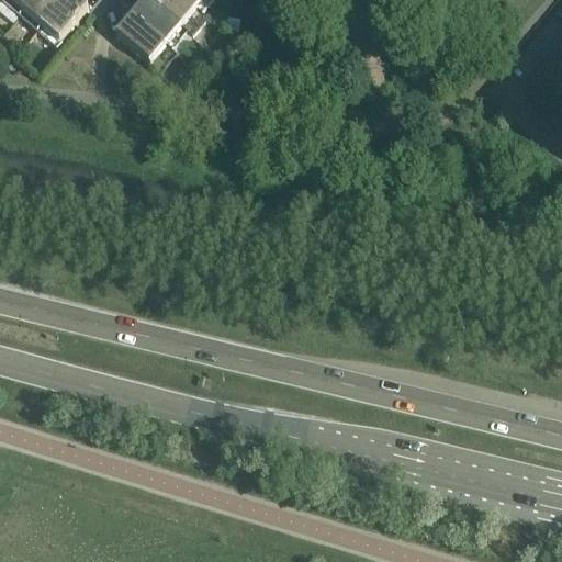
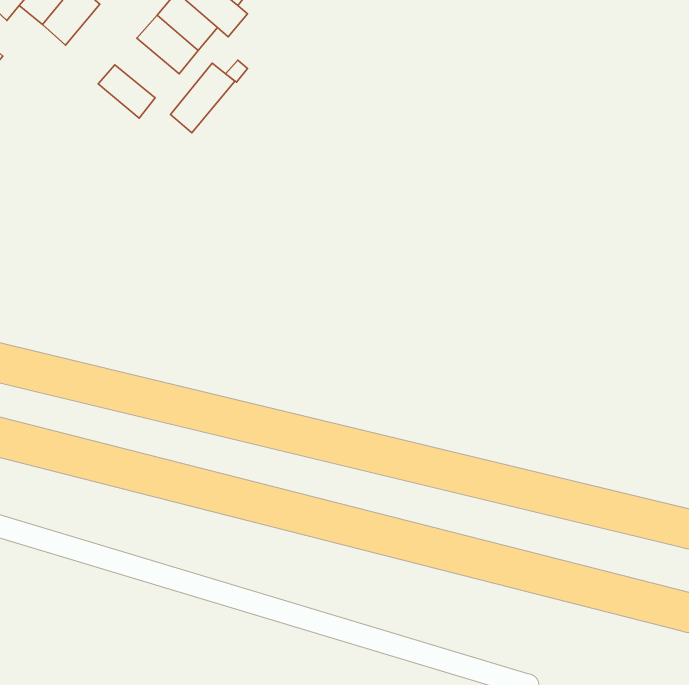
building: none -> [170,63,235,133]
building: none -> [98,65,155,118]

